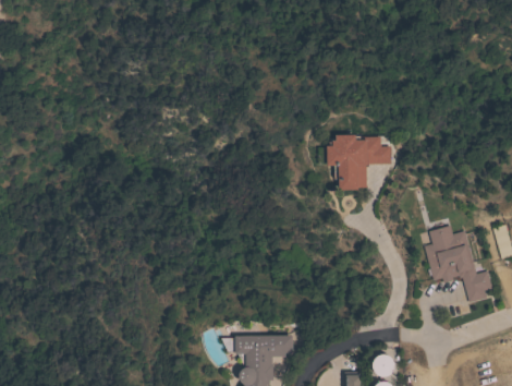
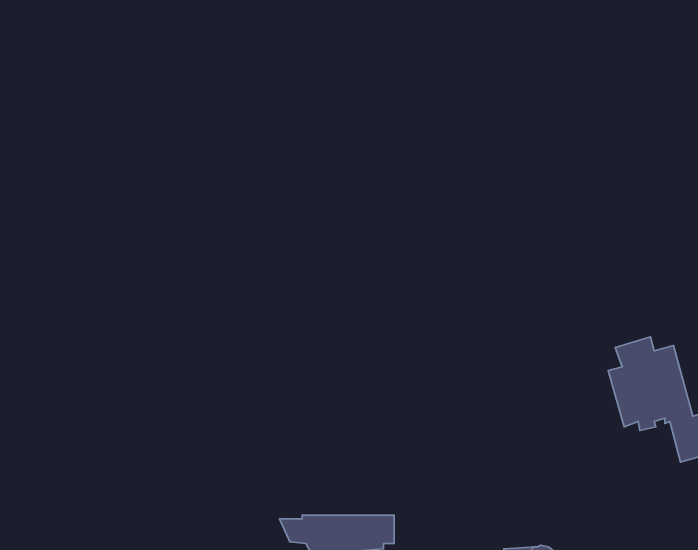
building: [326,134,391,190] -> none

